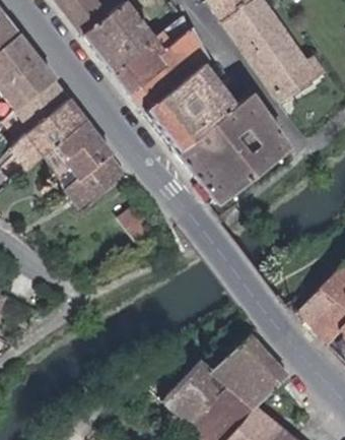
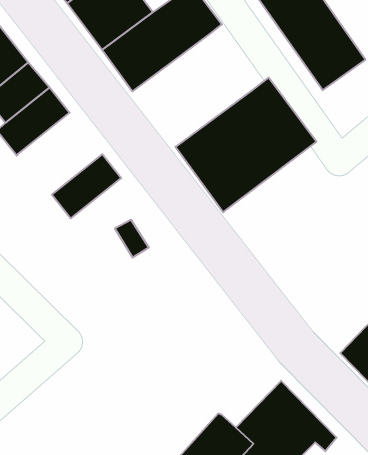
building: [134,56,230,147] -> none
building: [42,120,110,186] -> none

